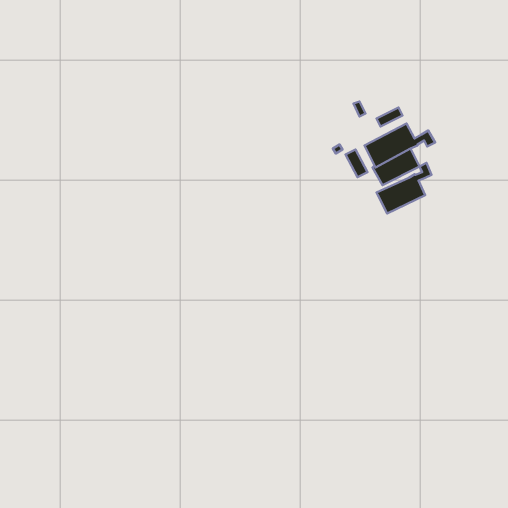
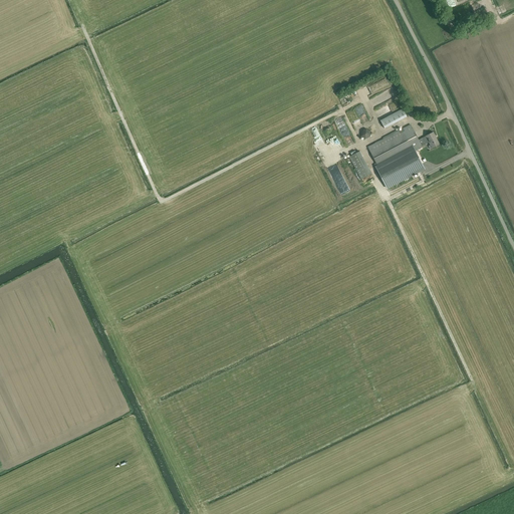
building: [377,163,432,213] -> none

